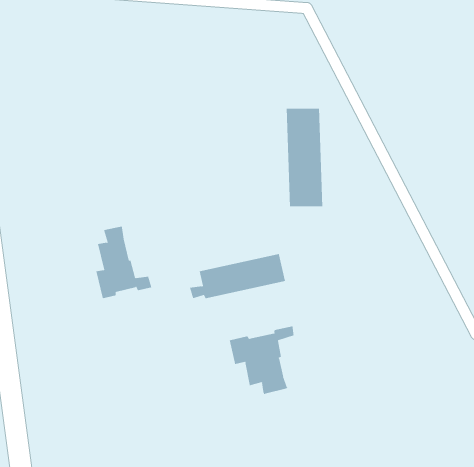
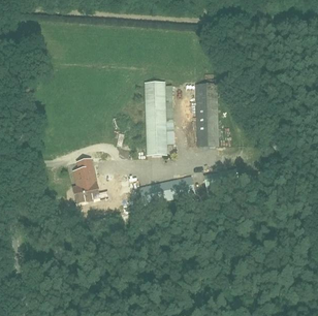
building: none -> [145,81,166,155]
building: [229,325,294,395] -> none

